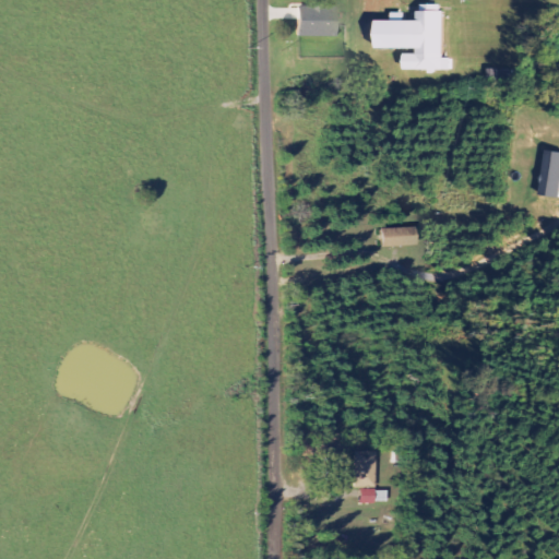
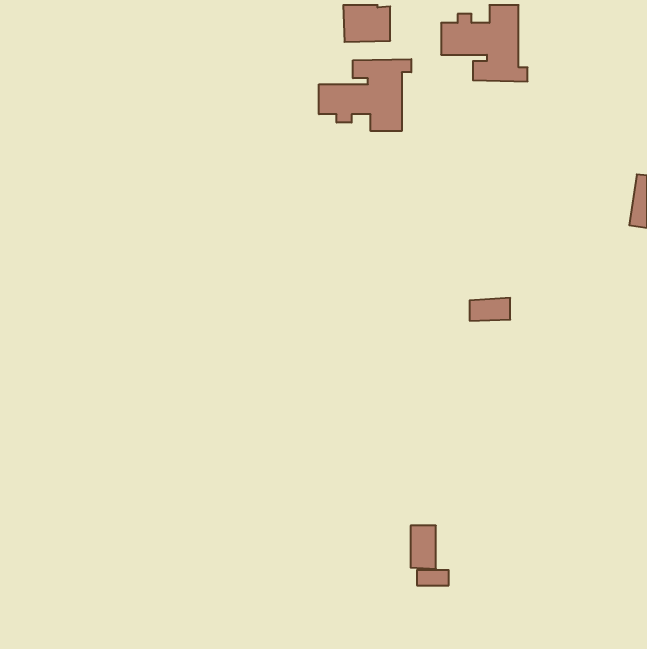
building: none -> [319,59,411,131]
building: [379,227,414,247] -> [470,298,510,321]

